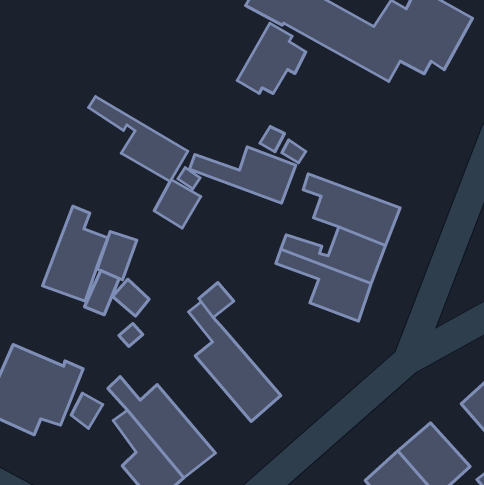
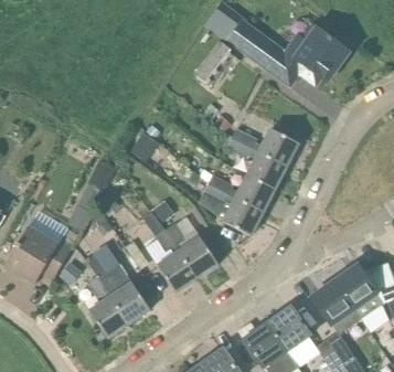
building: [88,96,188,181] -> none
building: [190,147,296,203] -> [231,127,299,166]
building: [43,206,108,301] -> none
building: none -> [164,223,219,277]

